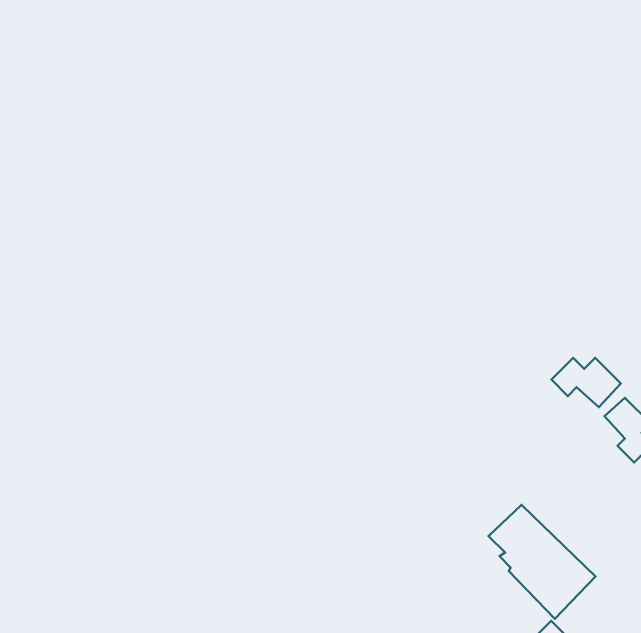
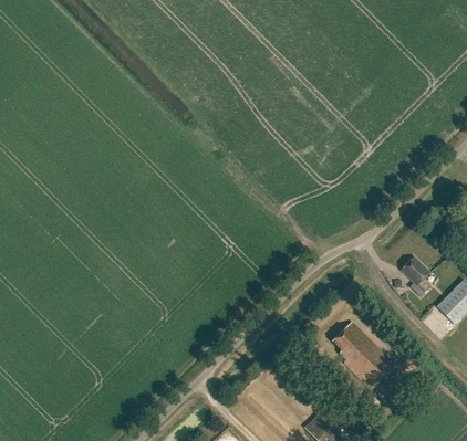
building: [551,358,621,407] -> none

